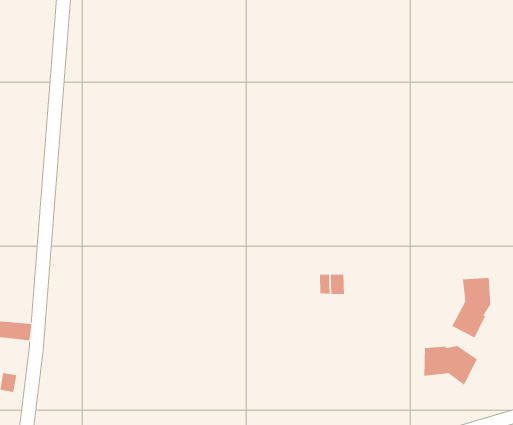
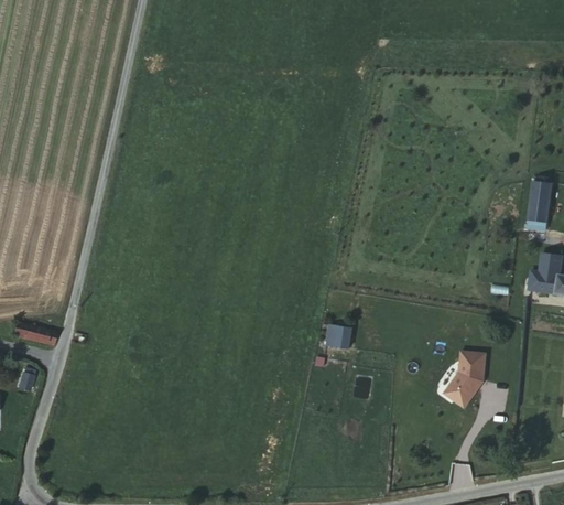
building: [424,345,477,386] -> none

